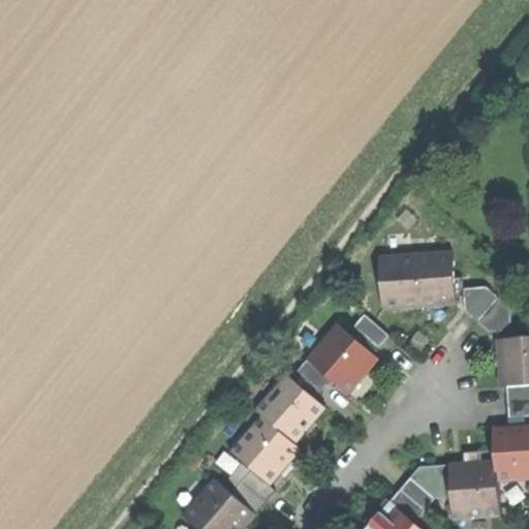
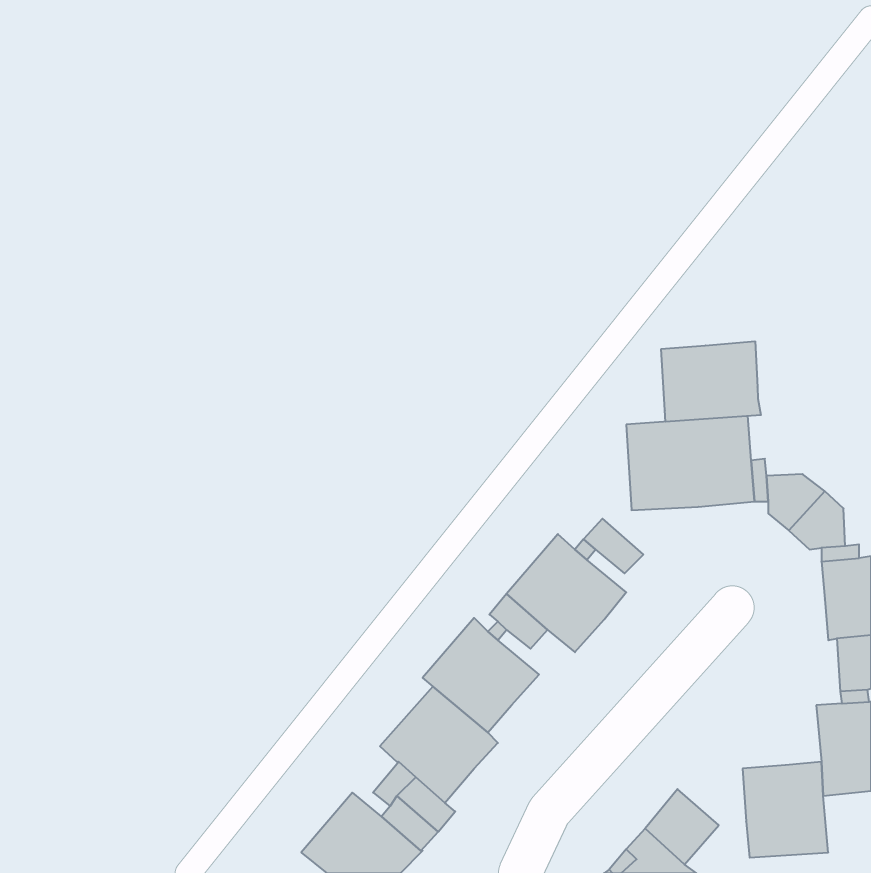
building: none -> [661,341,761,422]
building: [409,464,450,498] -> none

